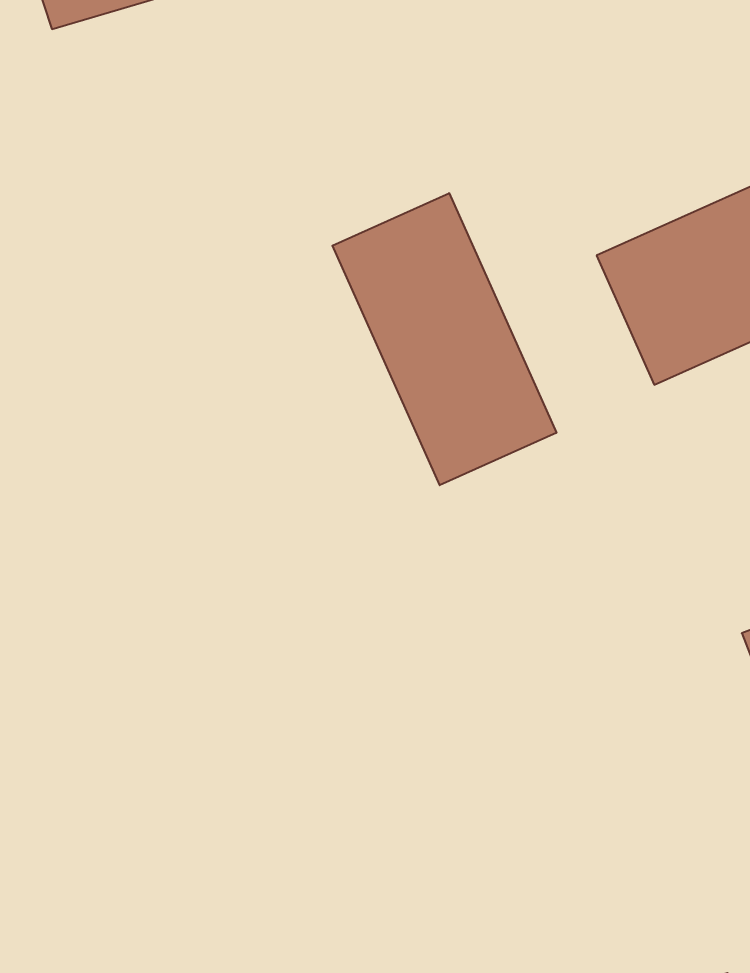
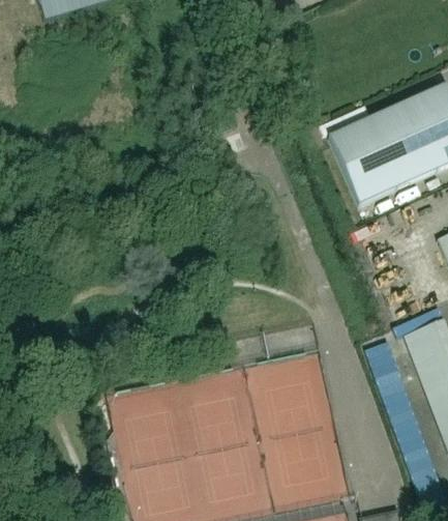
building: [332,193,556,485] -> none

